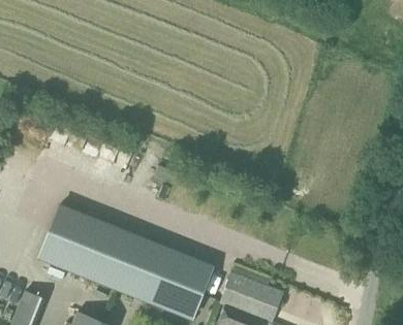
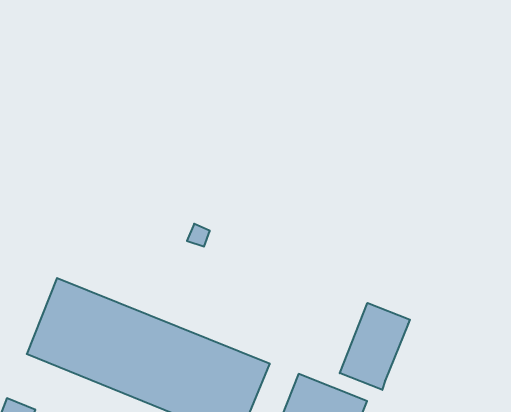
building: none -> [340,303,410,390]

